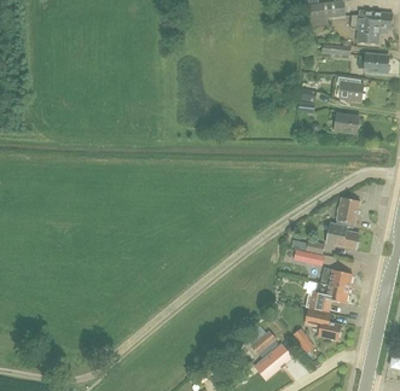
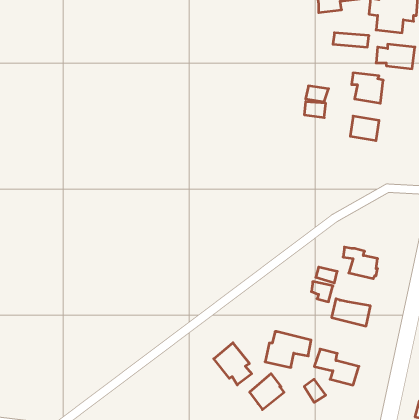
building: [336,197,359,228] -> none
building: [309,282,348,313] -> [265,332,311,367]
building: none -> [214,343,252,385]

